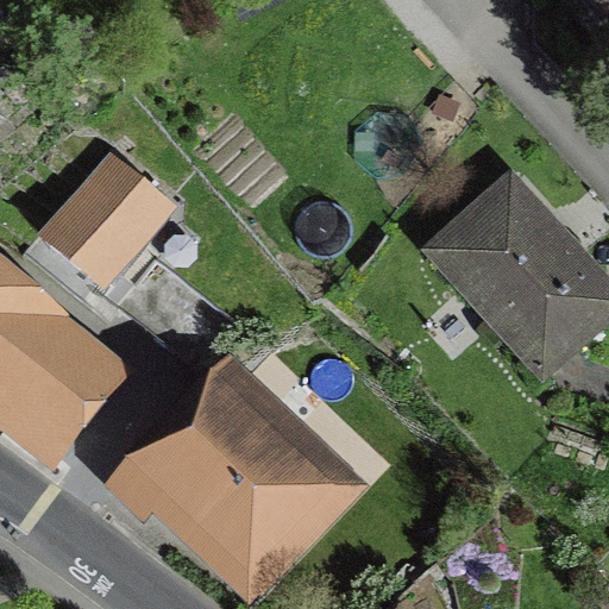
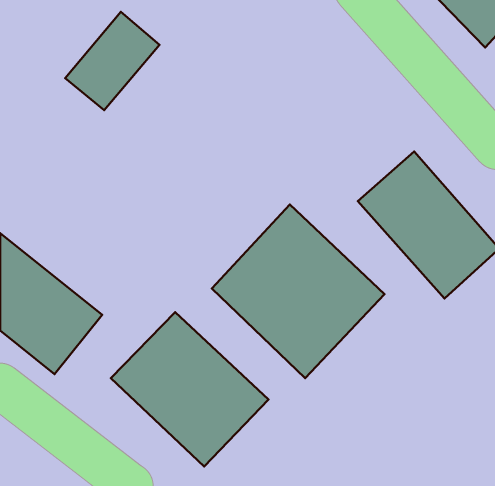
building: [43,150,158,270] -> [65,12,160,110]
building: none -> [212,205,384,378]

